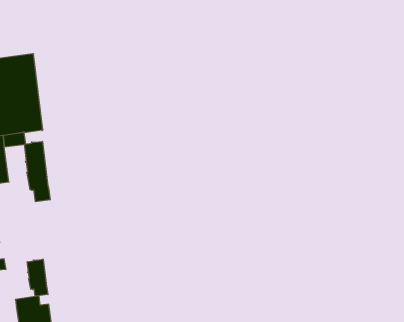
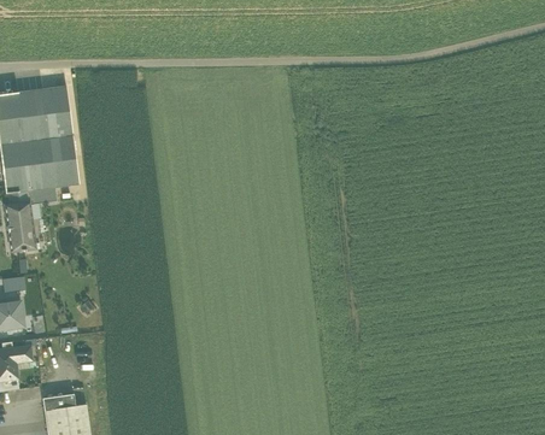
building: [24,141,50,202] -> none
building: [27,259,48,296] -> none

